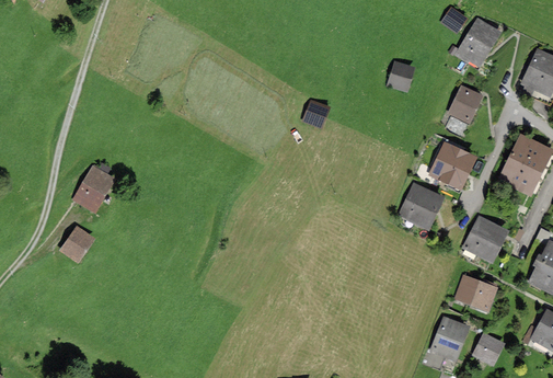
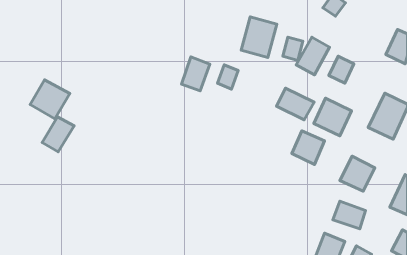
building: [456,18,499,67] -> [296,37,330,75]
building: none -> [241,17,277,58]
building: none -> [182,57,210,91]
building: none -> [30,80,70,119]
building: none -> [277,88,314,120]
building: [59,225,93,260] -> none

